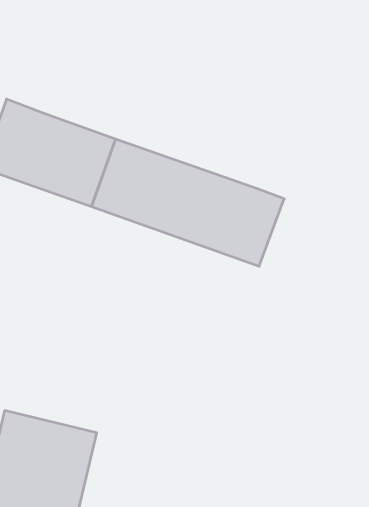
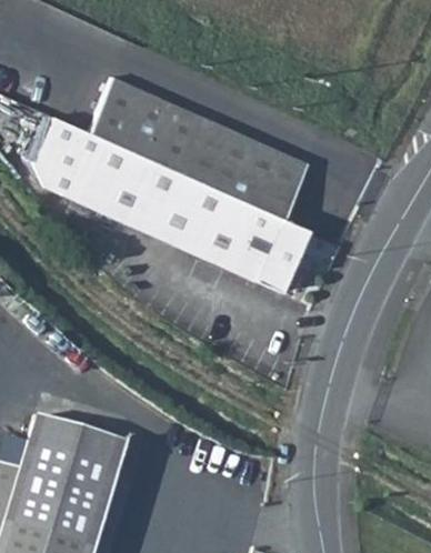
building: none -> [93,82,311,220]

